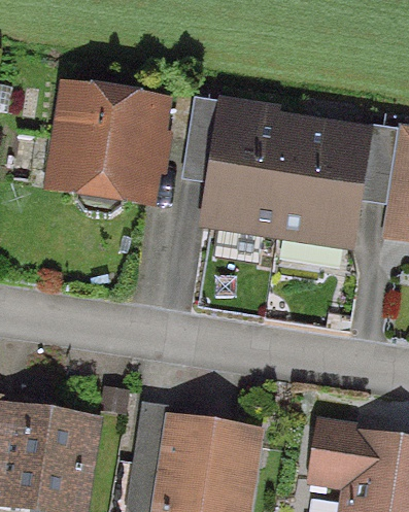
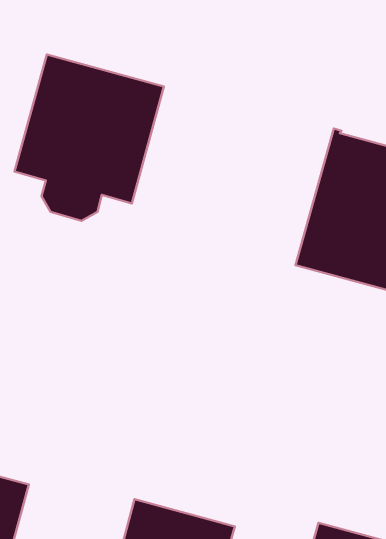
building: [203,111,294,229] -> none

